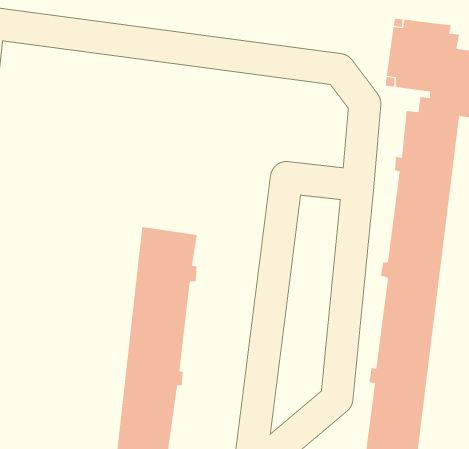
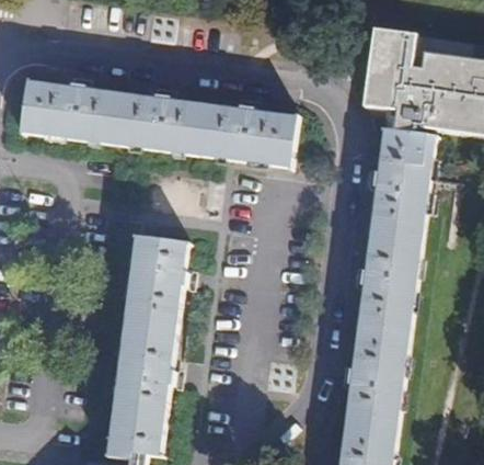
building: none -> [24,80,298,162]

